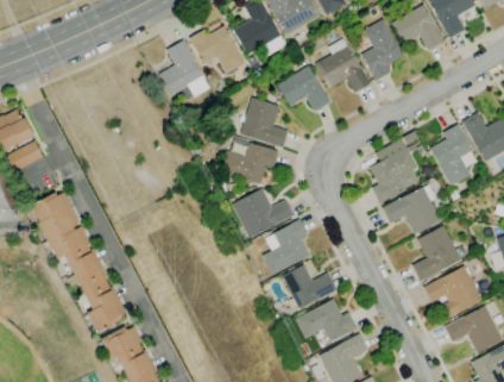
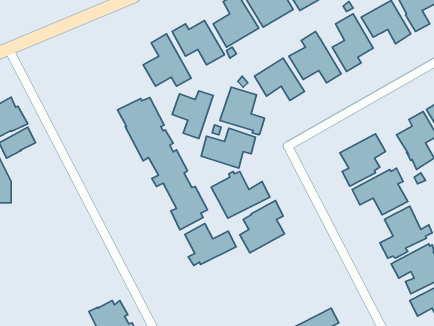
building: none -> [172,91,213,139]
building: [30,192,126,333] -> [118,98,208,230]
building: [282,264,336,309] -> [185,223,236,266]
building: [296,299,357,346] -> none

